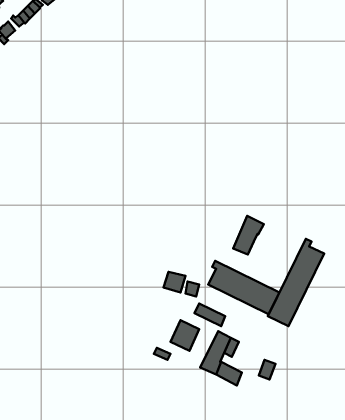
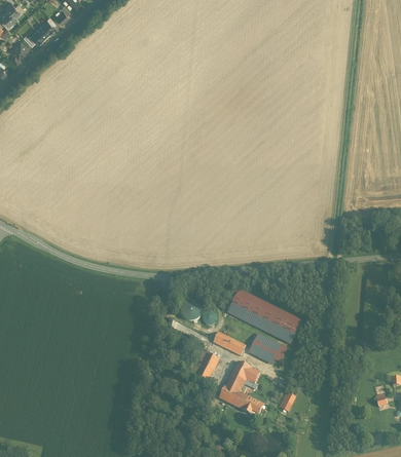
building: [233,216,264,254] -> none
building: [268,239,324,326] -> none
building: none -> [249,335,282,365]

